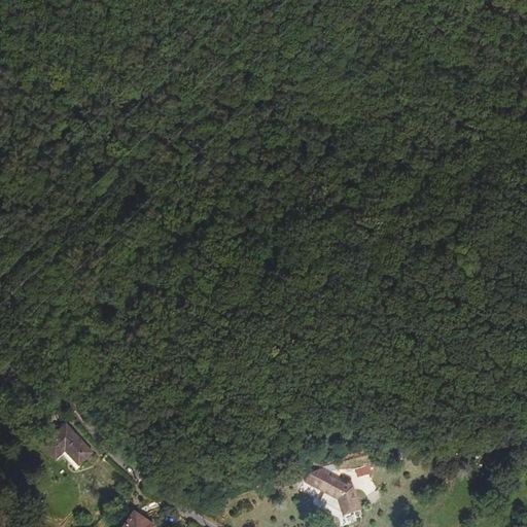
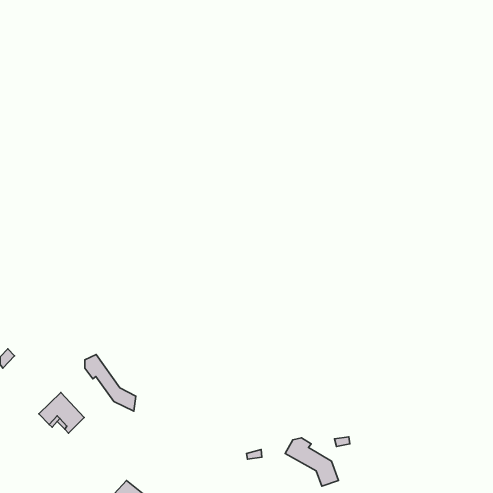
building: none -> [85,355,136,411]

